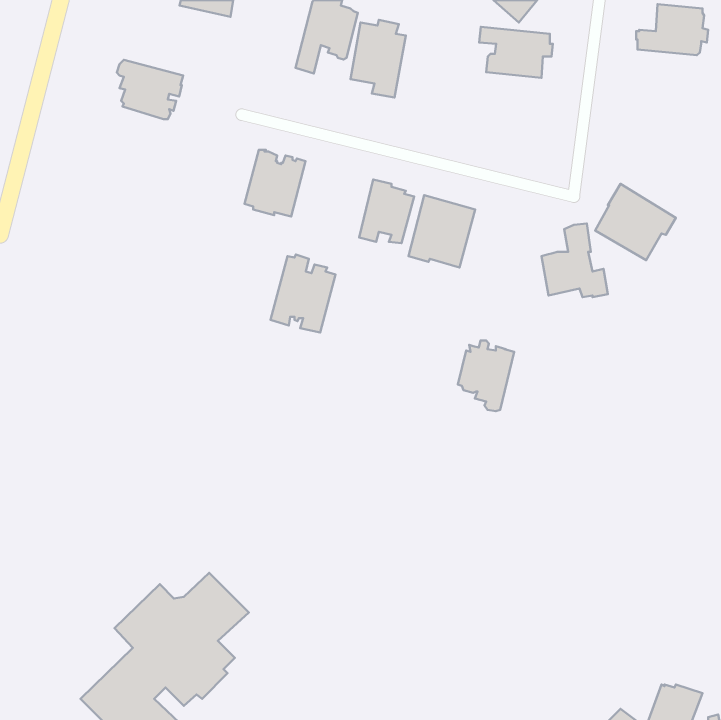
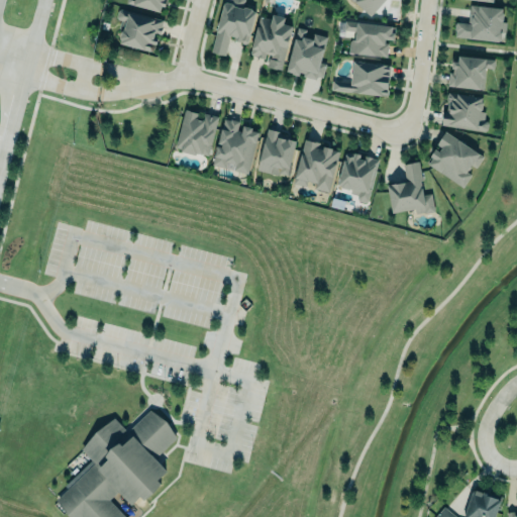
building: none -> [287,27,327,79]
building: [117,60,183,119] -> [117,9,165,51]
building: none -> [448,56,496,90]
building: none -> [332,64,391,97]
building: none -> [442,93,489,132]
building: [271,255,336,332] -> [213,118,260,174]
building: [458,341,514,411] -> [338,152,379,203]

